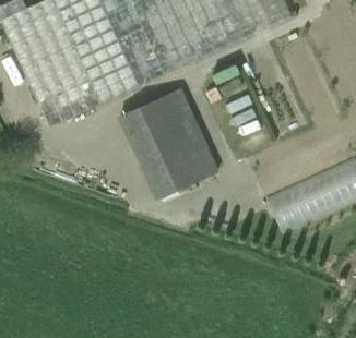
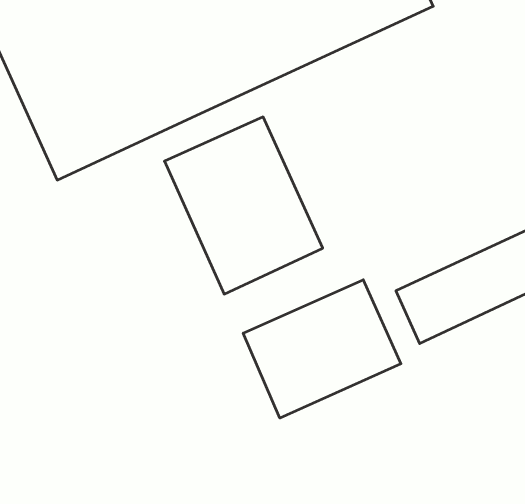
building: none -> [243,280,401,418]

